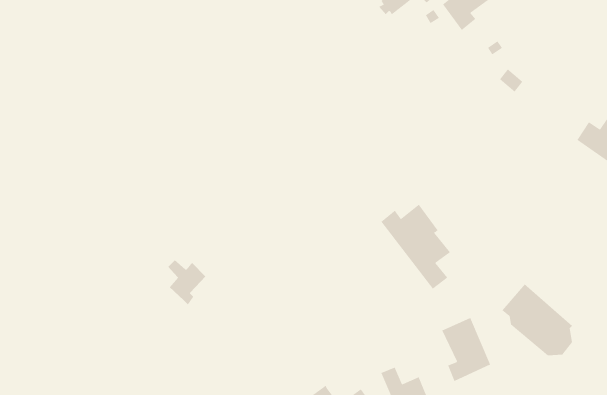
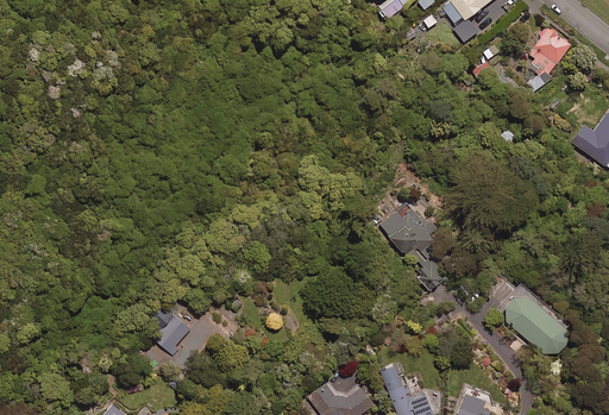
building: none -> [525,24,571,92]
building: [168,259,206,305] -> [155,310,193,356]
building: [442,317,491,382] -> none

